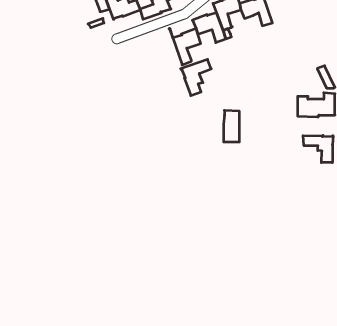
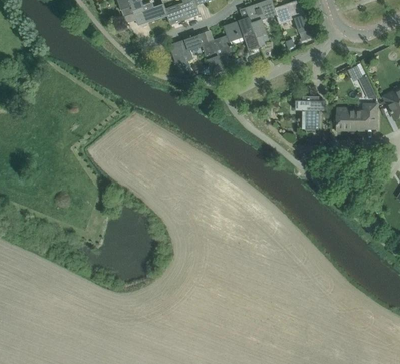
building: [181,59,211,96] -> [169,35,203,74]
building: [224,110,239,142] -> [302,95,319,129]
building: [303,135,333,163] -> none

